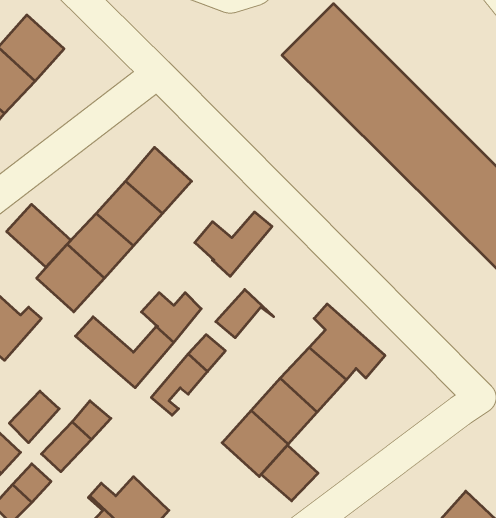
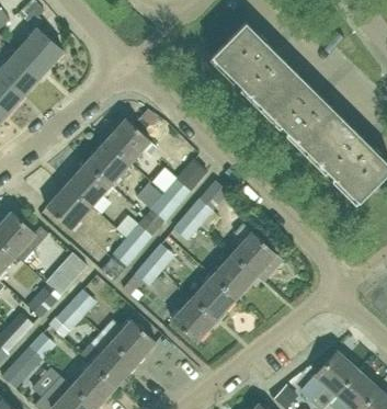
building: [7,204,71,267] -> none
building: none -> [186,181,227,232]
building: none -> [137,182,177,227]
building: none -> [47,254,87,295]
building: none -> [111,319,156,364]
building: [261,445,318,501] -> none

